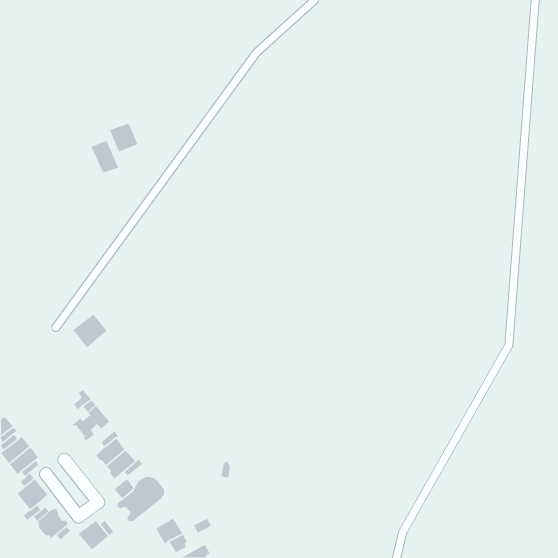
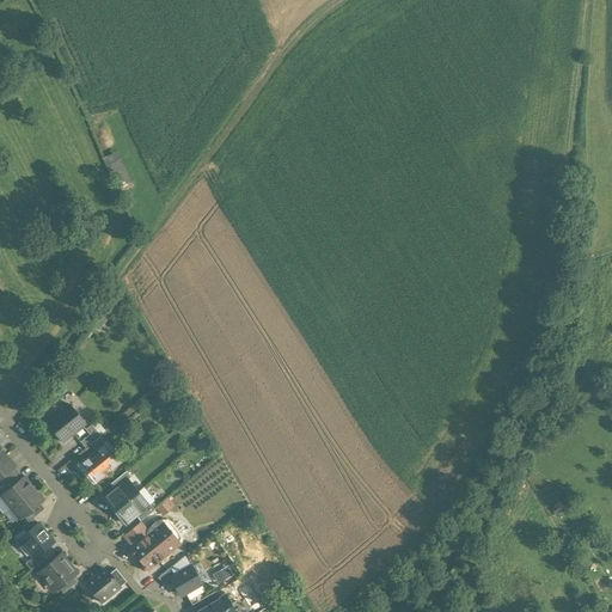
building: [109,122,138,152] -> none
building: [73,313,108,348] -> [47,405,85,443]

